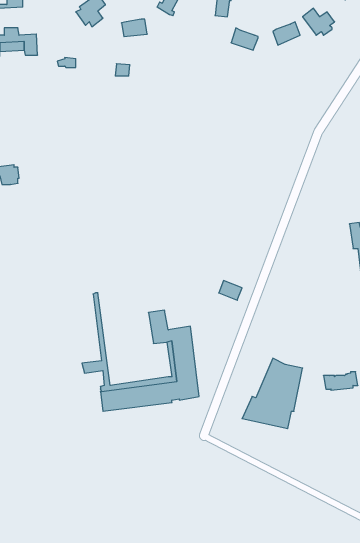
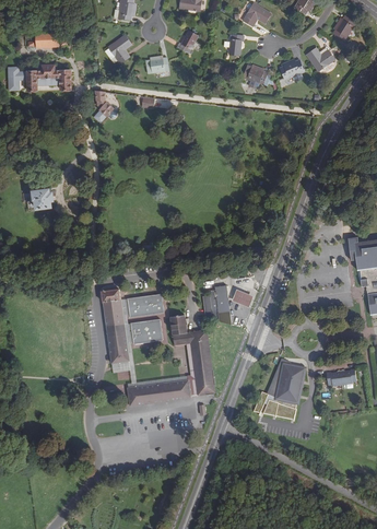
building: none -> [202,285,231,325]
building: none -> [101,289,128,362]
building: none -> [127,293,163,317]
building: none -> [130,318,162,343]

